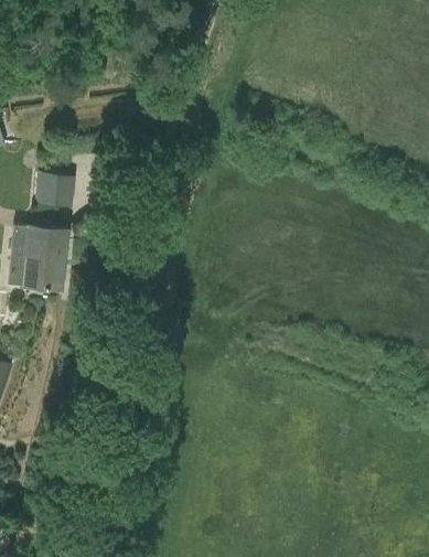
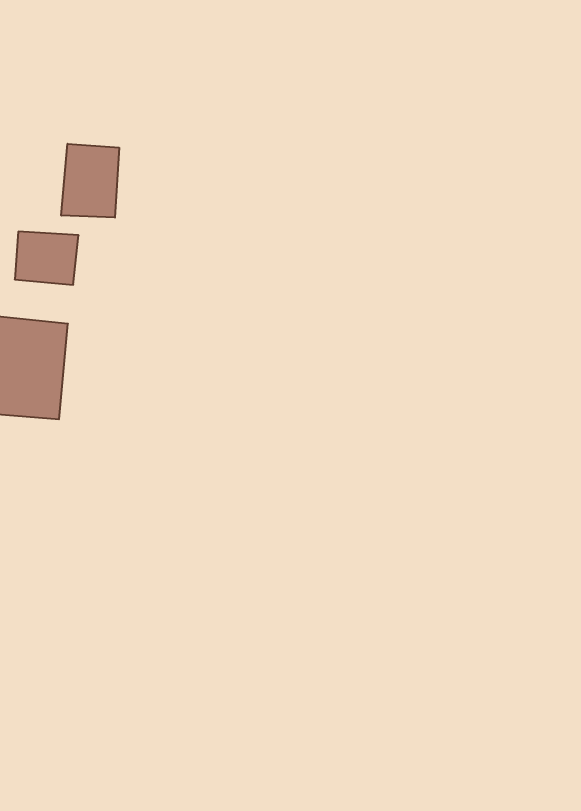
building: none -> [61,144,119,218]

